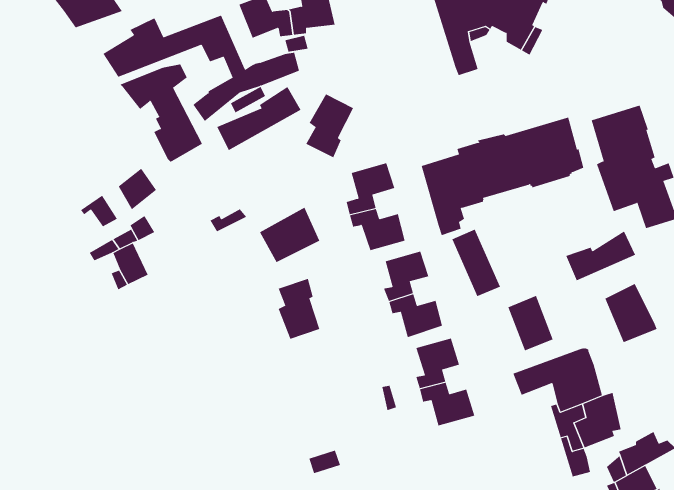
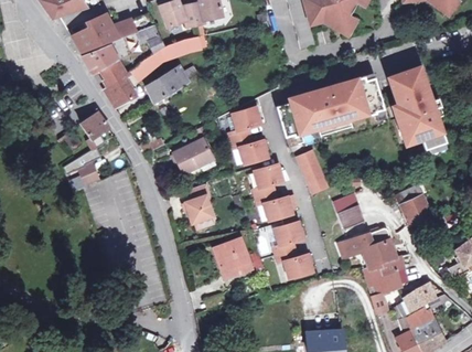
building: [305,93,354,158] -> none
building: [565,231,636,281] -> none
building: none -> [214,238,248,277]

